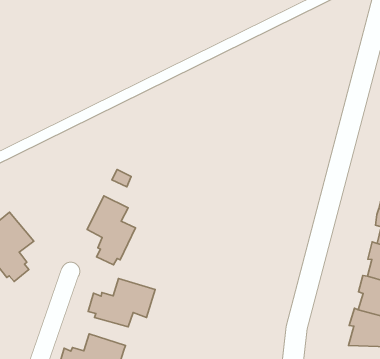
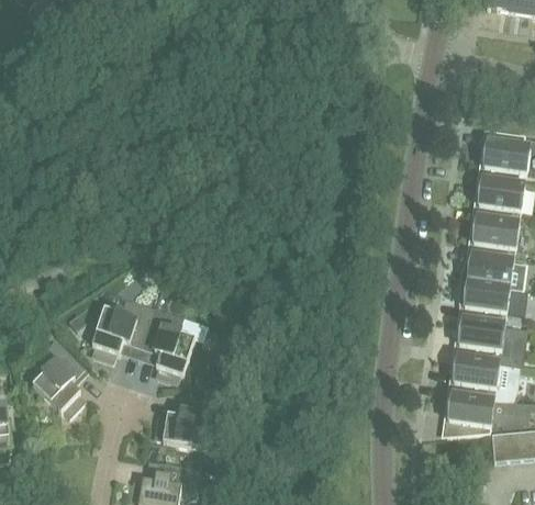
building: none -> [94,296,157,359]

